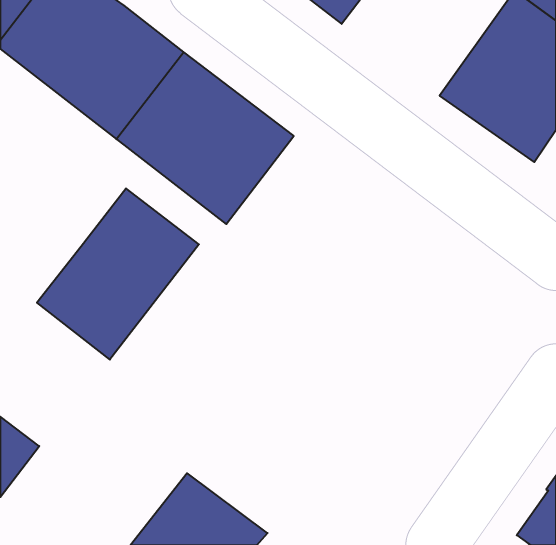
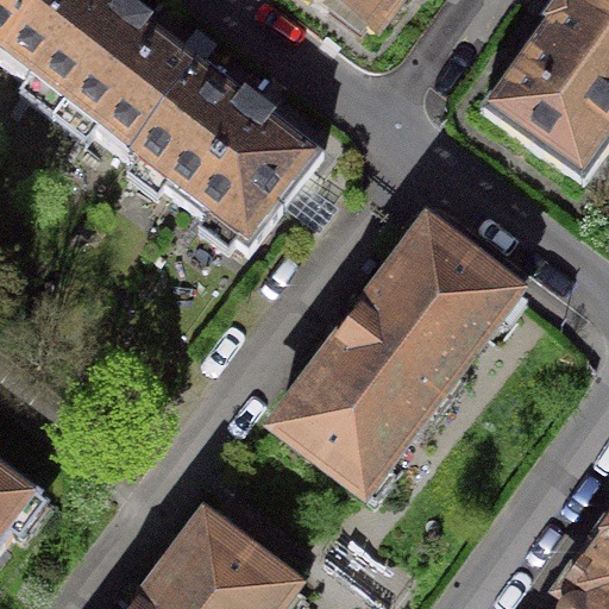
building: [37,188,199,360] -> none
building: none -> [275,224,515,491]

